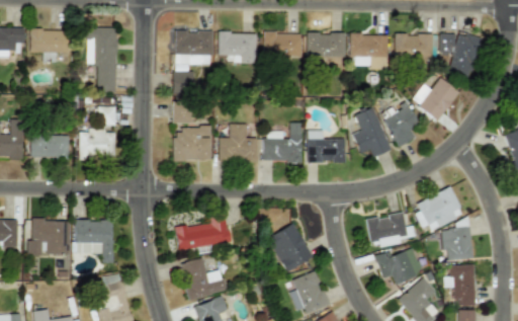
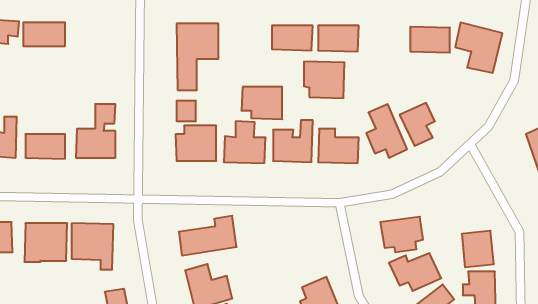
building: [87,27,116,92] -> none
building: [219,33,257,64] -> [241,87,282,119]
building: [350,34,388,69] -> [304,62,345,98]
building: [411,78,458,121] -> none
building: [417,187,464,233] -> none
building: [268,224,313,272] -> none

